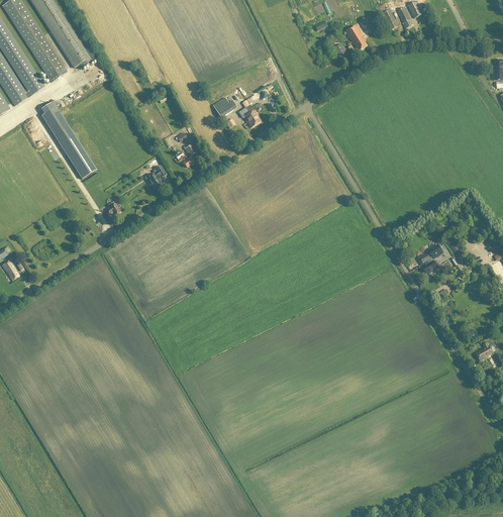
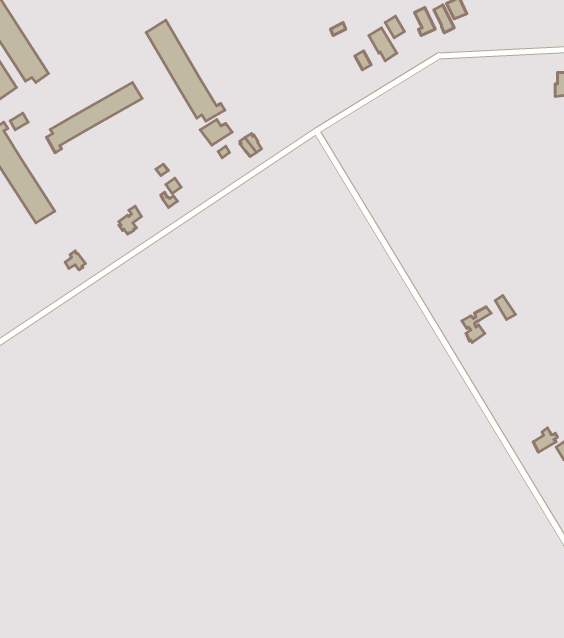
building: none -> [146,20,225,121]
building: none -> [47,83,142,153]

